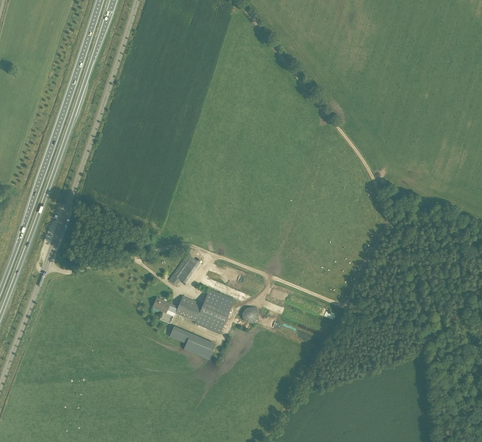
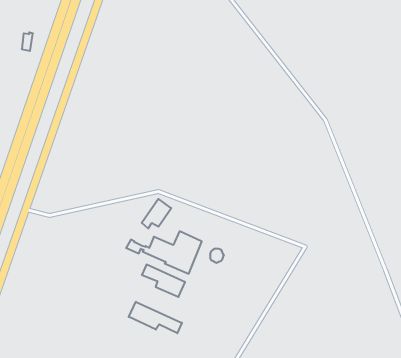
building: none -> [129,302,182,333]

